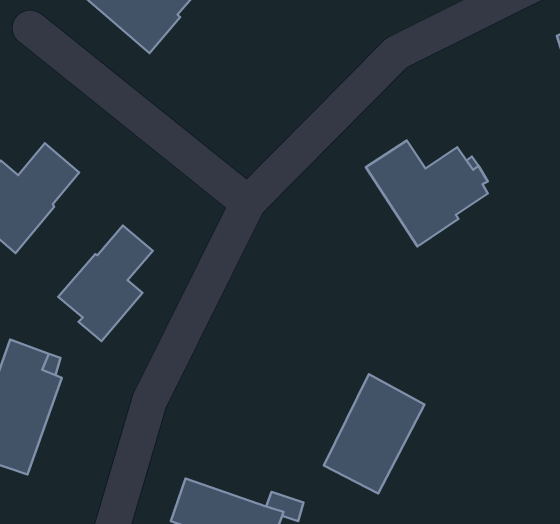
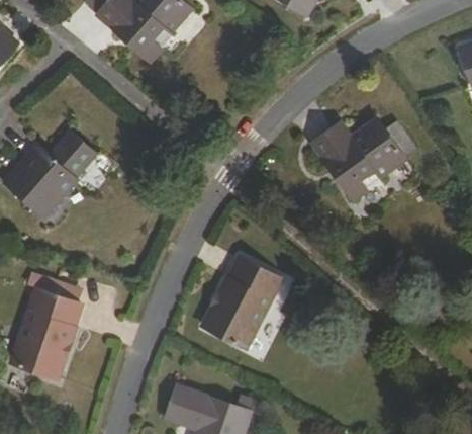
building: [58,226,153,341] -> none
building: [324,374,424,493] -> [204,255,281,346]

